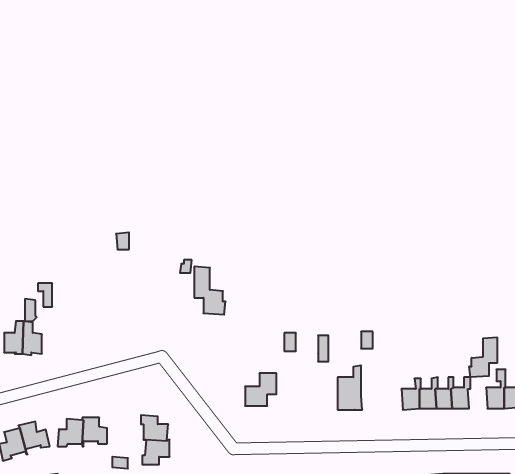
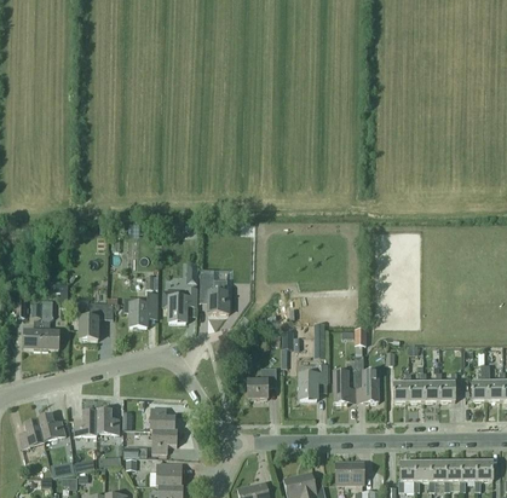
building: none -> [162,286,196,322]
building: none -> [125,293,157,328]
building: none -> [79,302,113,338]
building: [469,337,497,377] -> none
building: none -> [355,355,378,401]
building: none -> [299,364,327,399]

